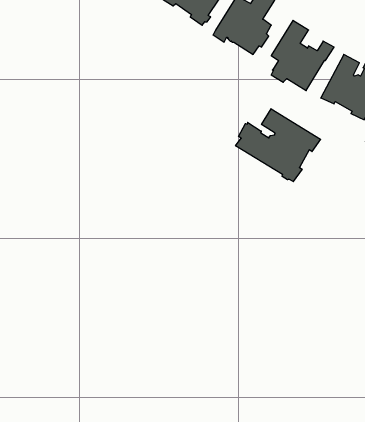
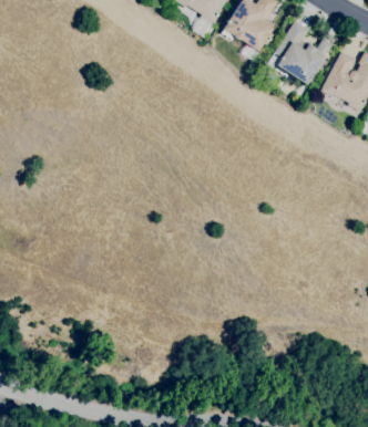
building: [236,109,321,182] -> none

